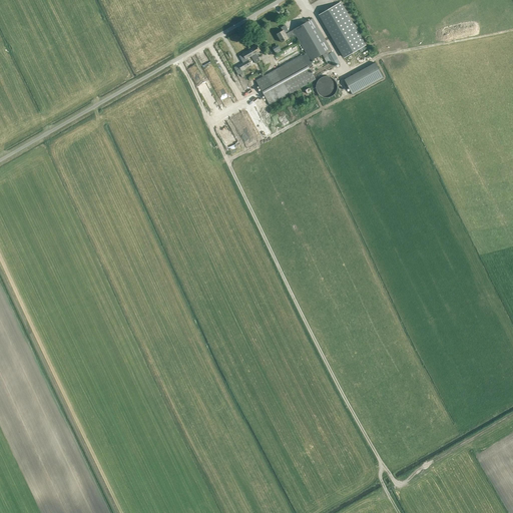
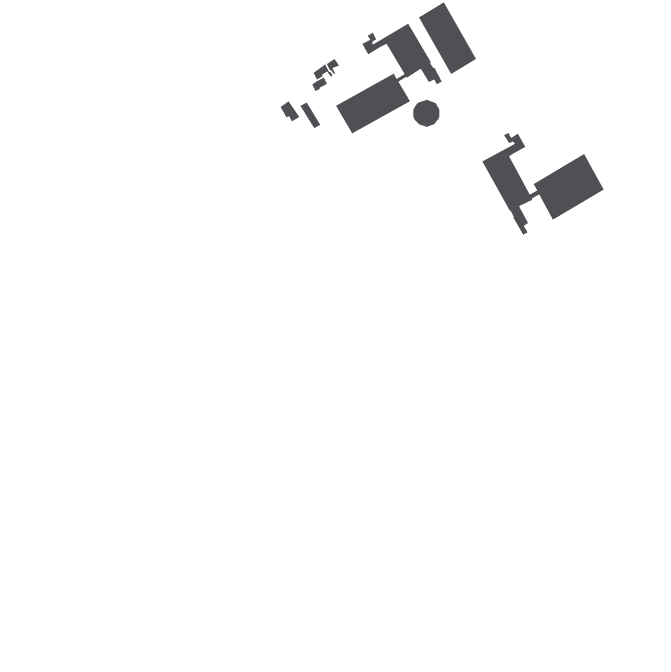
building: [343,62,382,93] -> none
building: none -> [481,132,605,236]

